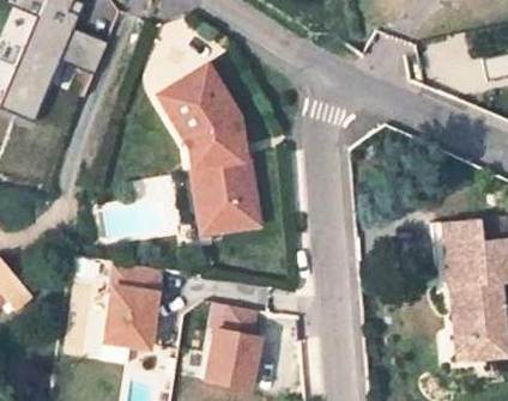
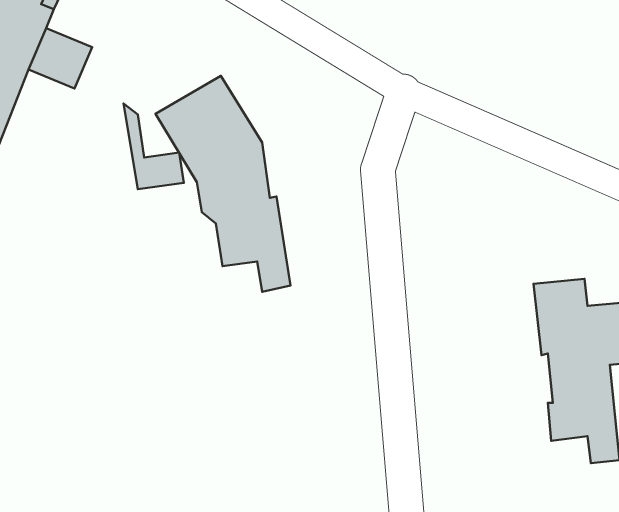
building: [192,168,237,232] -> [123,103,184,189]
building: [102,262,159,347] -> none
building: [204,305,259,388] -> none

